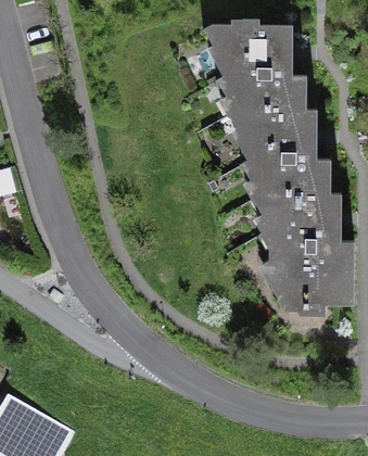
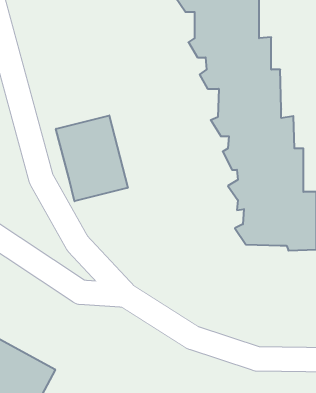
building: none -> [56,115,128,201]

